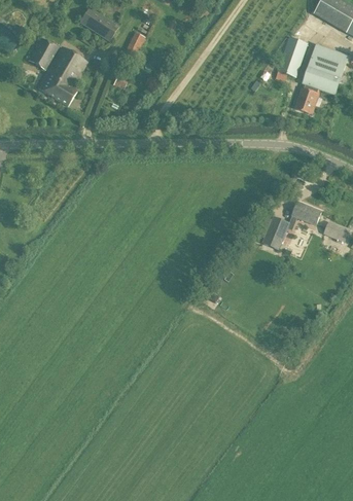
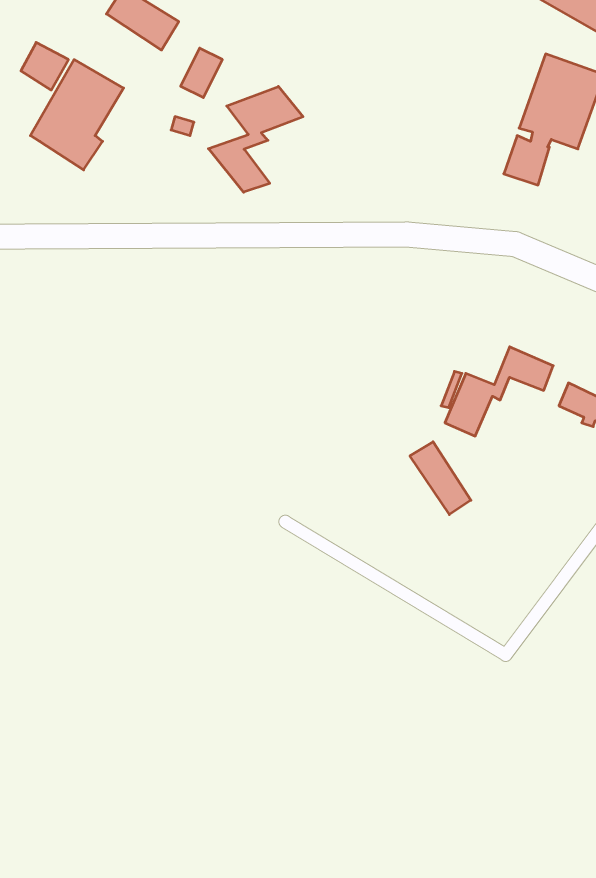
building: [278,36,308,76] -> none
building: none -> [208,86,303,192]
building: none -> [410,442,471,515]

